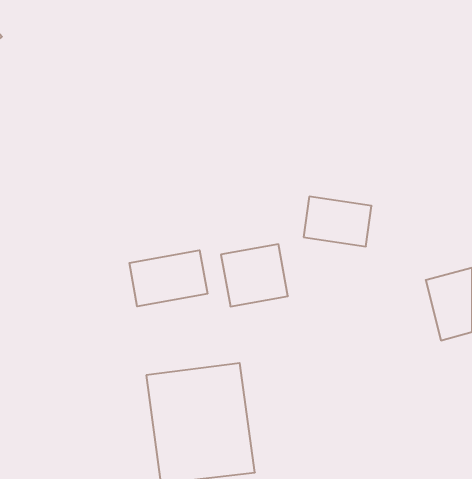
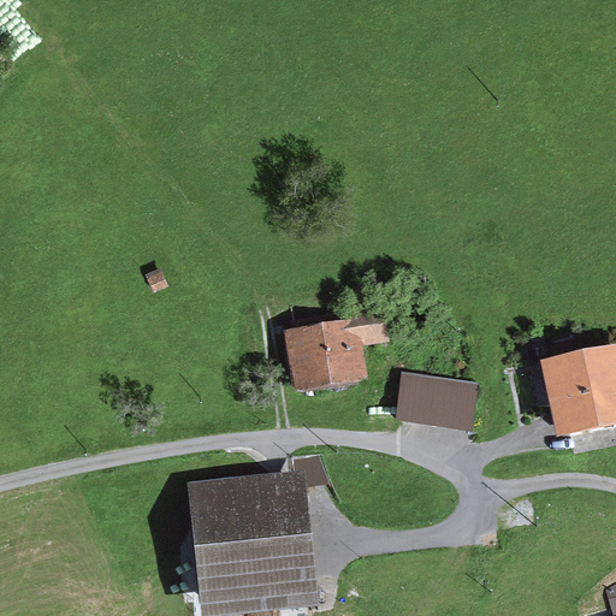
building: [304,197,372,246] -> [389,365,475,428]
building: [129,250,207,306] -> none

